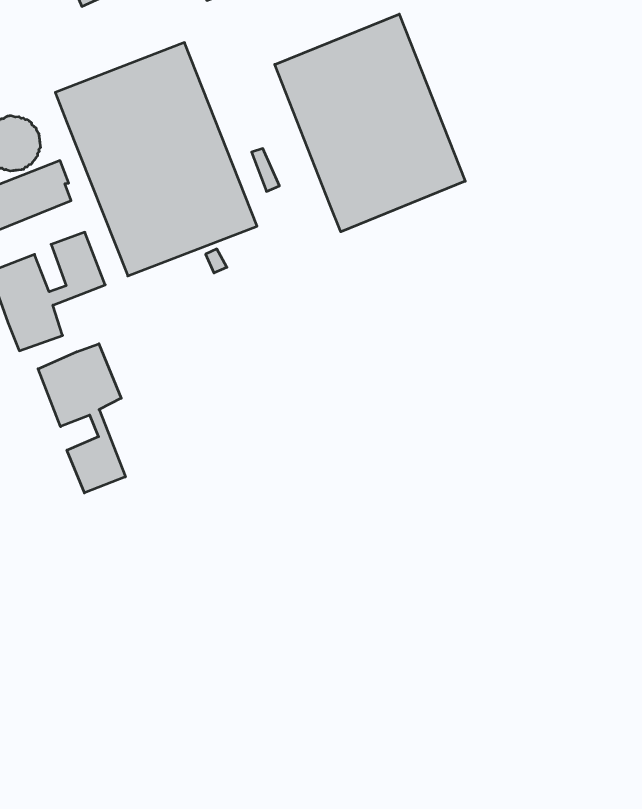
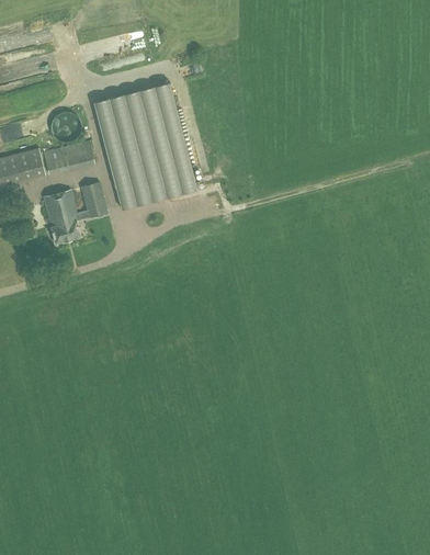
building: [275,14,465,232] -> none
building: [38,344,125,493] -> none

